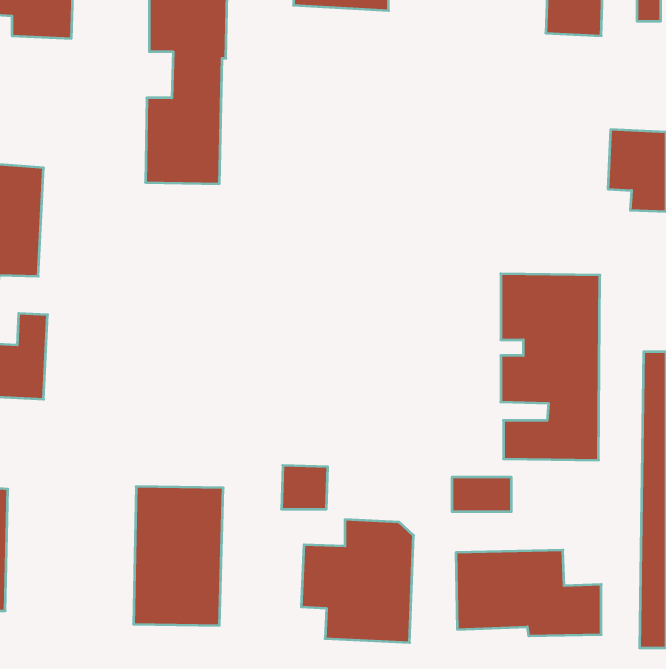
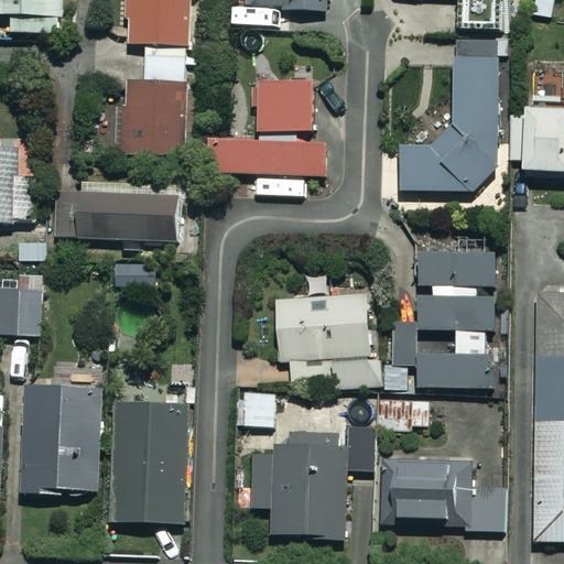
building: none -> [400,41,498,189]
building: none -> [209,80,326,173]
building: none -> [52,192,176,240]
building: none -> [275,273,380,387]
building: none -> [21,387,102,492]

